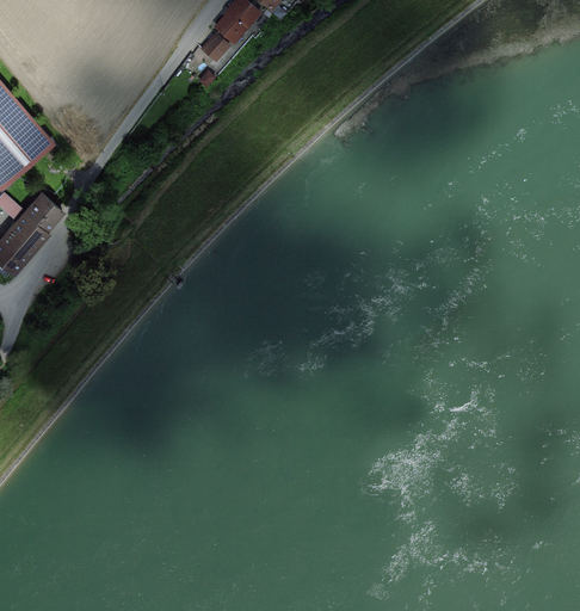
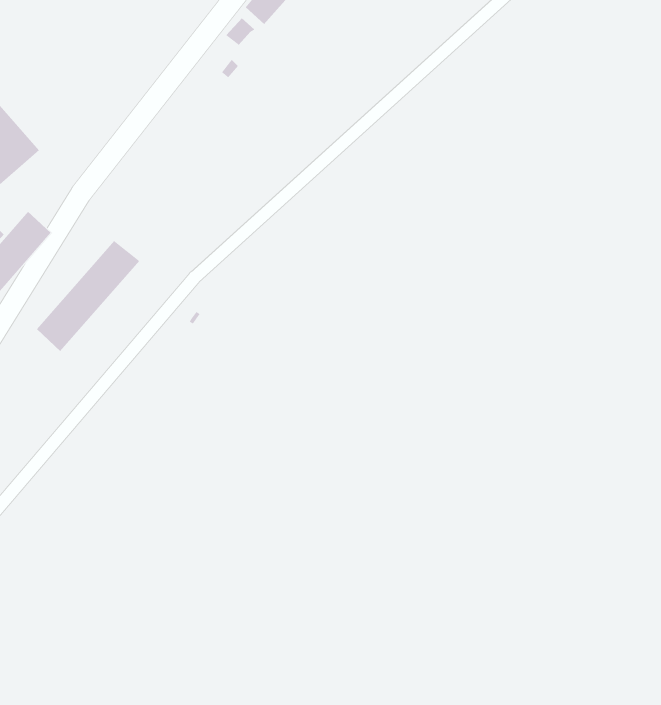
building: none -> [36,240,140,352]

